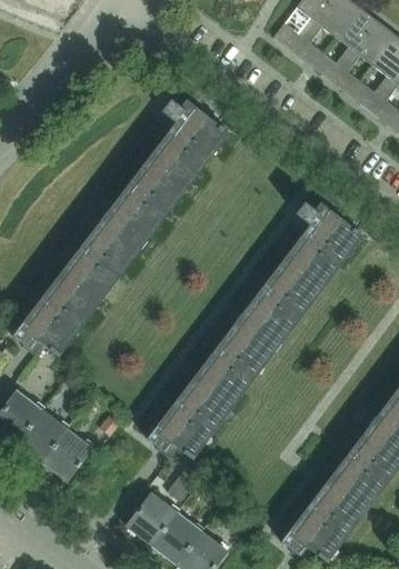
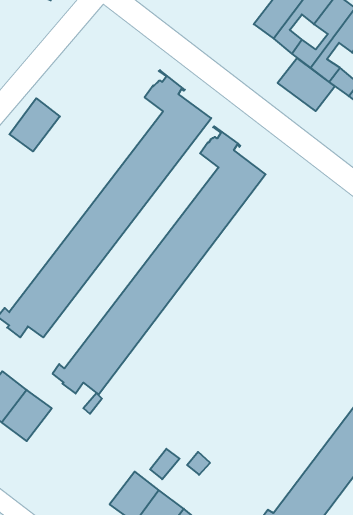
building: none -> [278,58,335,111]
building: none -> [9,98,60,151]
building: [144,184,361,458] -> [53,126,266,395]
building: [40,427,90,479] -> none

